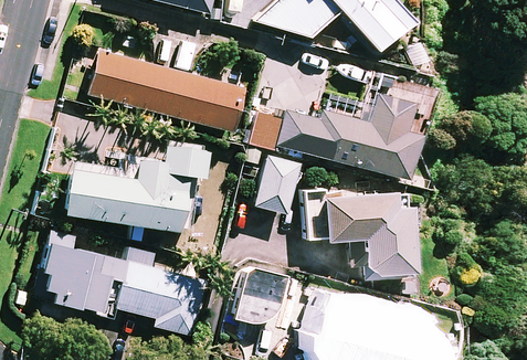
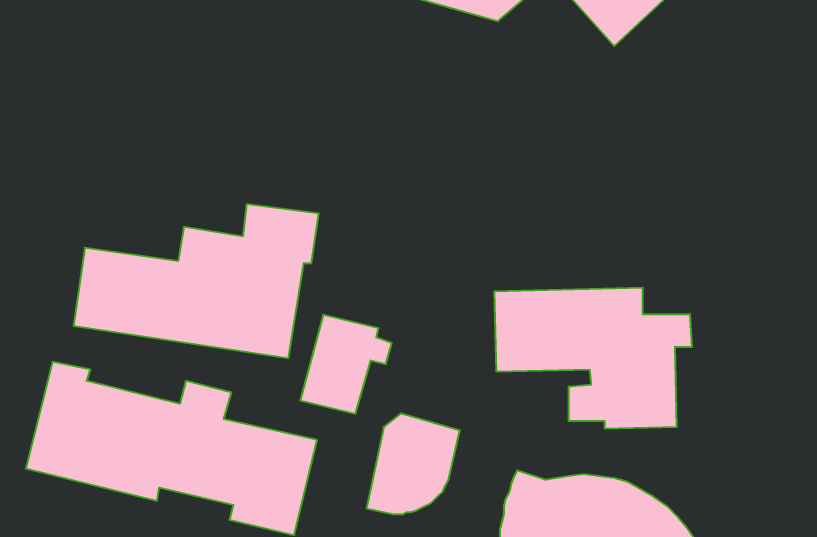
building: [91,52,246,133] -> none
building: [246,95,421,179] -> none
building: [254,156,307,213] -> [300,315,392,414]

